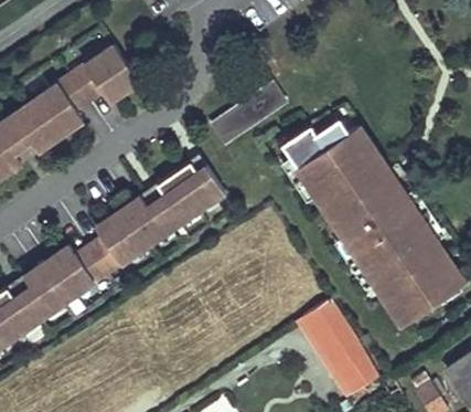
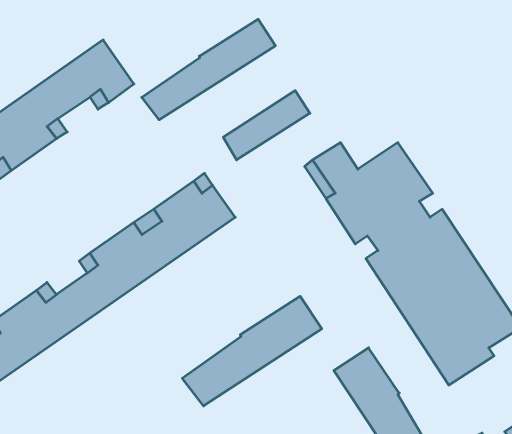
building: none -> [142,19,275,120]
building: none -> [182,296,322,406]

